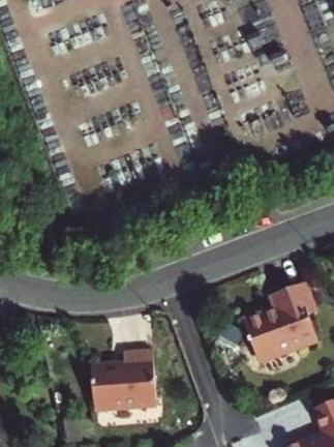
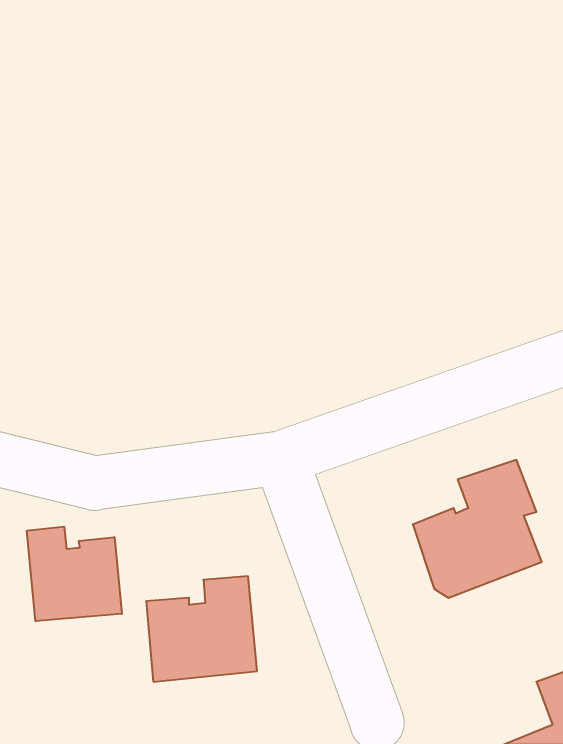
building: none -> [27,527,122,621]

